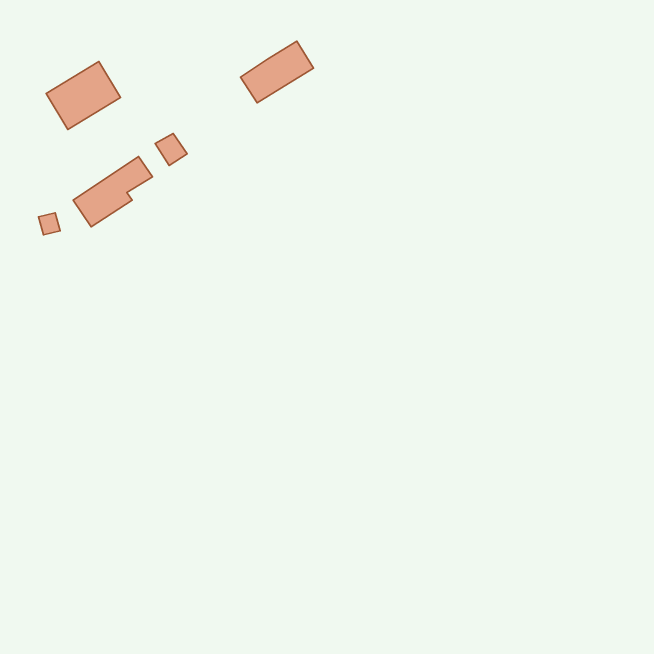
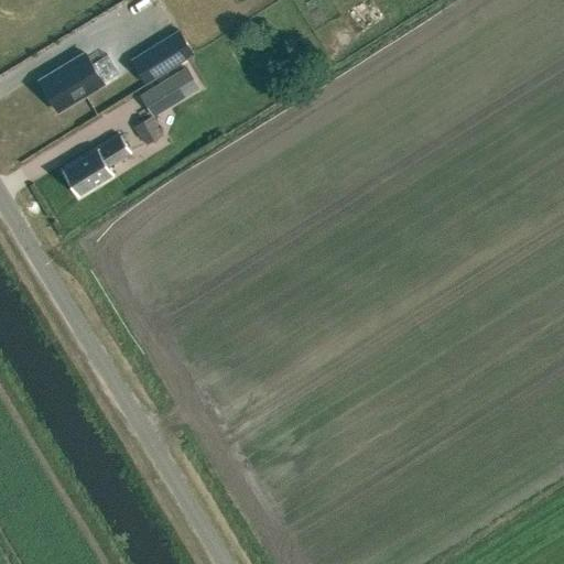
building: [240,41,314,103] -> [132,31,195,84]
building: none -> [141,77,183,116]

